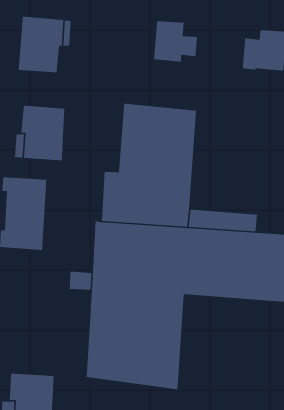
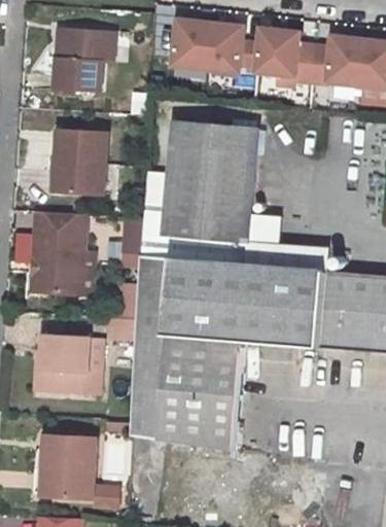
building: none -> [177,25,214,74]
building: none -> [259,32,315,90]
building: none -> [41,331,92,389]

